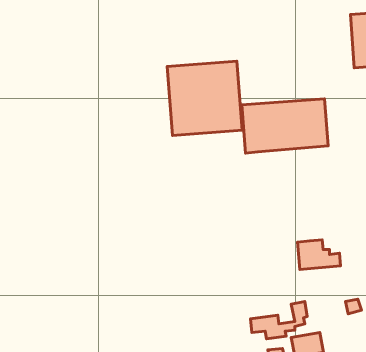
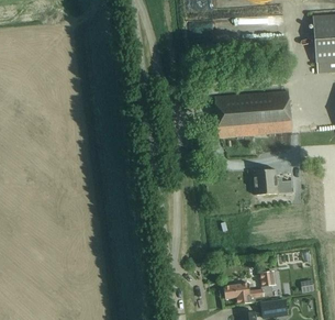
building: [167,61,242,136] -> none
building: [297,240,341,269] -> [254,168,292,195]

